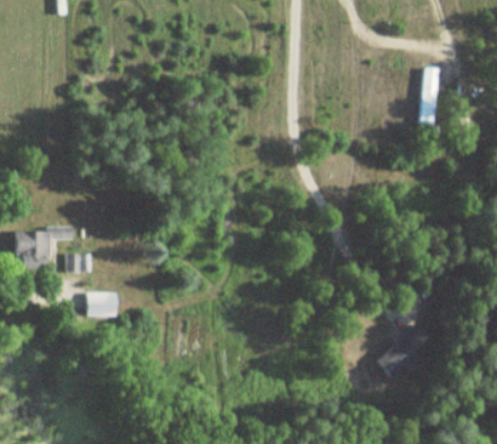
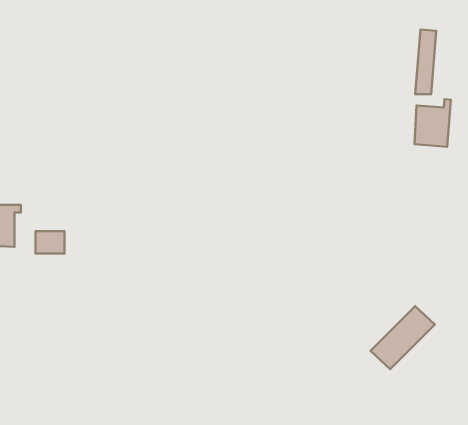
building: none -> [414,99,451,147]
building: [87,294,114,317] -> none

